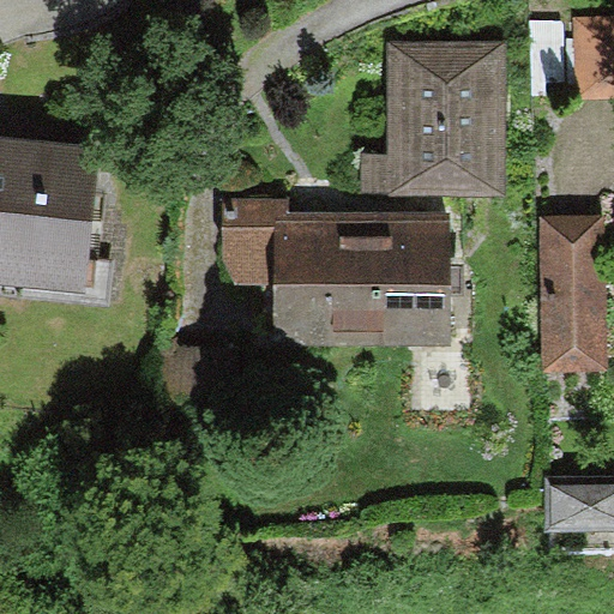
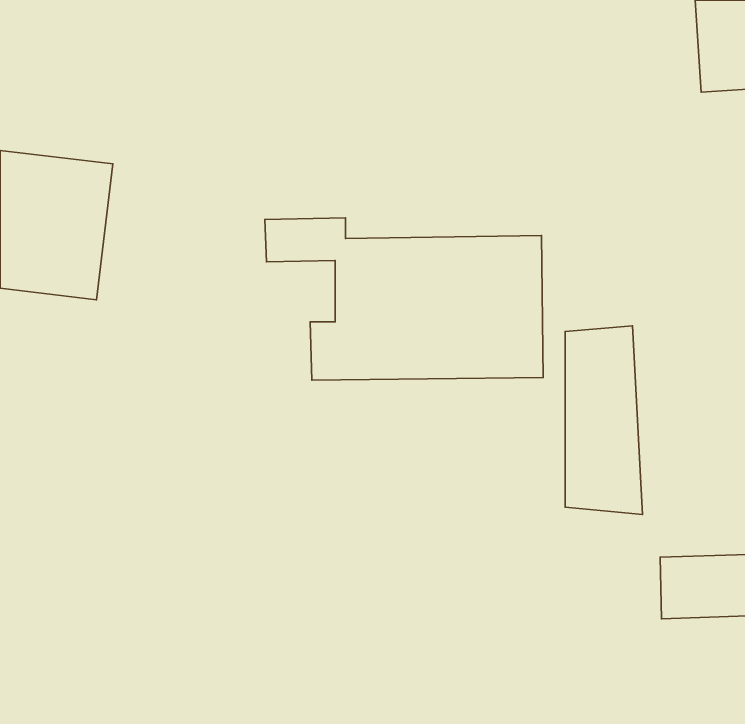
building: [391,42,492,182] -> none
building: [542,212,606,367] -> [565,326,643,514]

